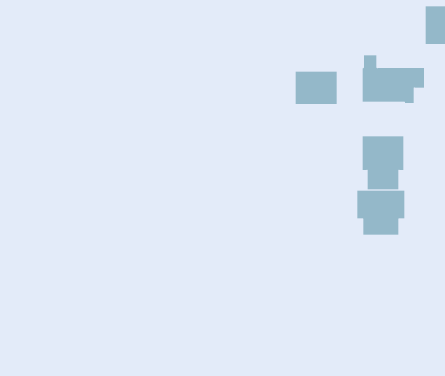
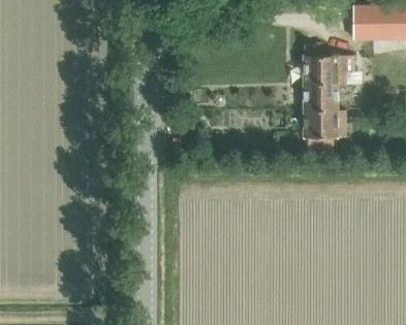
building: [295,71,337,105] -> [304,84,338,110]
building: [357,190,405,235] -> none

